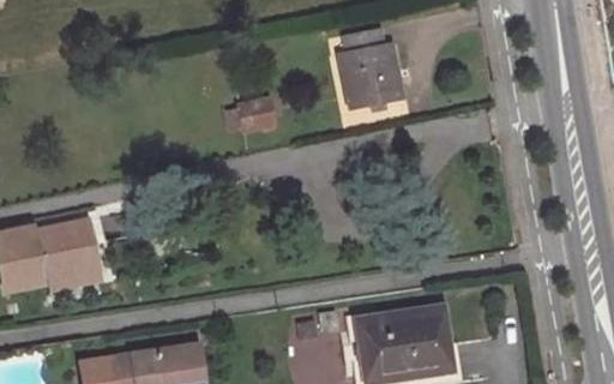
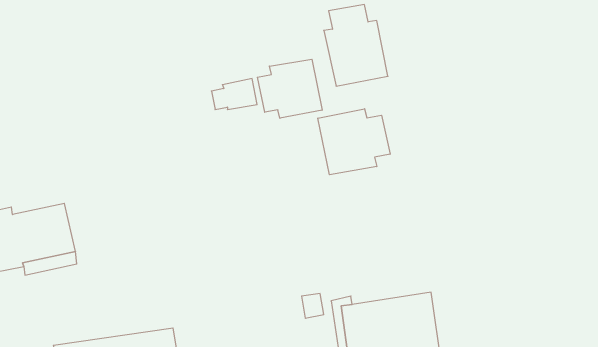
building: none -> [257,59,322,118]
building: none -> [318,109,390,175]

